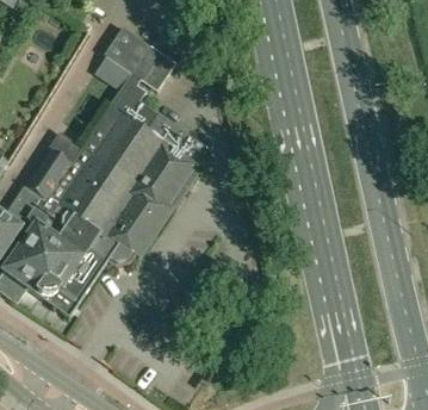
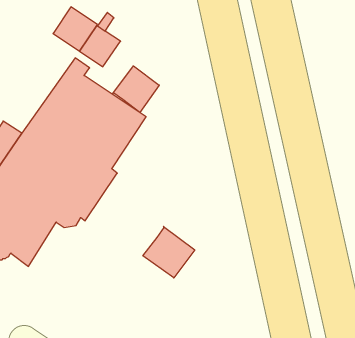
building: none -> [113,66,159,112]
building: none -> [143,226,195,278]

